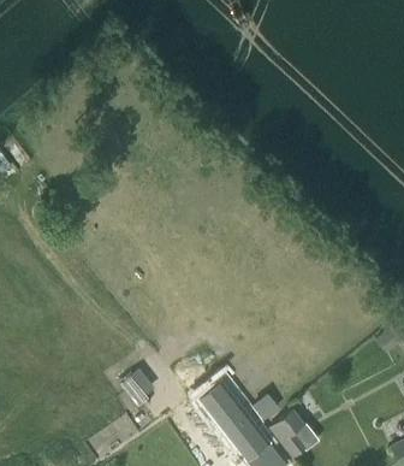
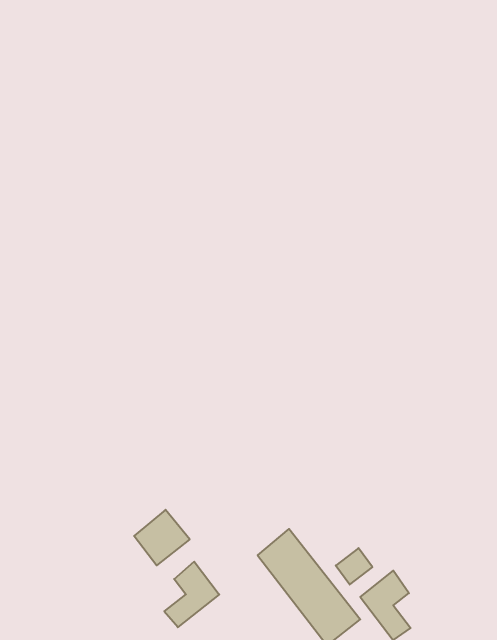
building: none -> [164,562,219,627]

